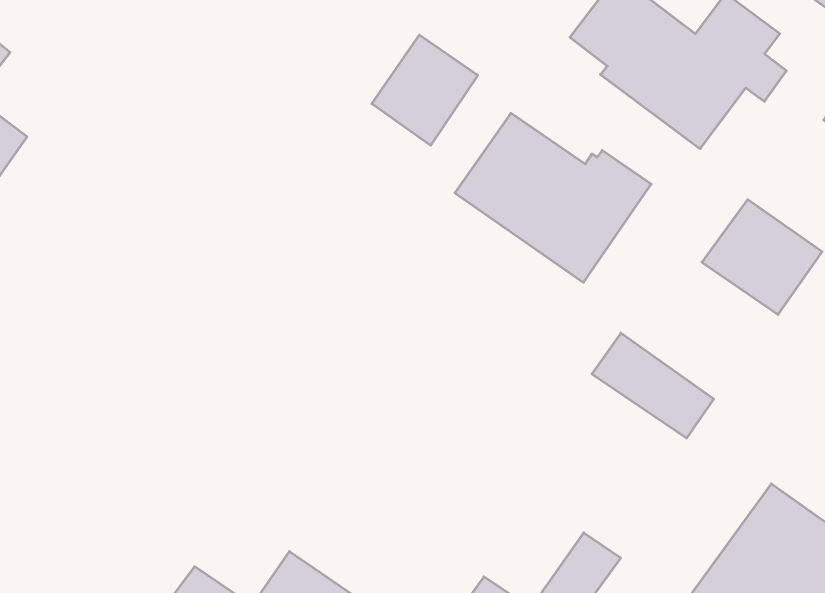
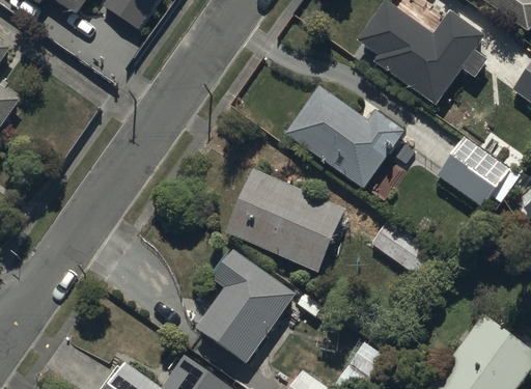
building: [372,35,478,145] -> none
building: none -> [226,169,345,272]
building: none -> [195,250,296,364]

